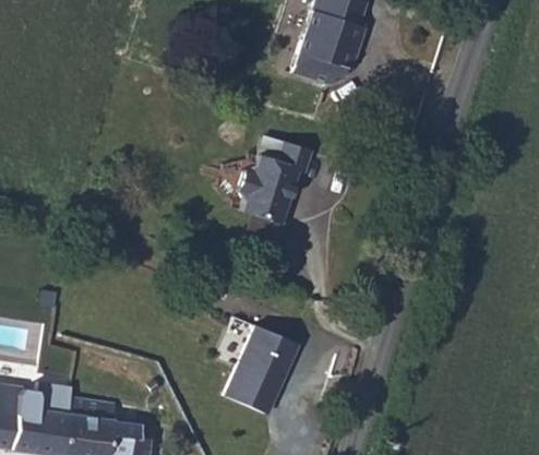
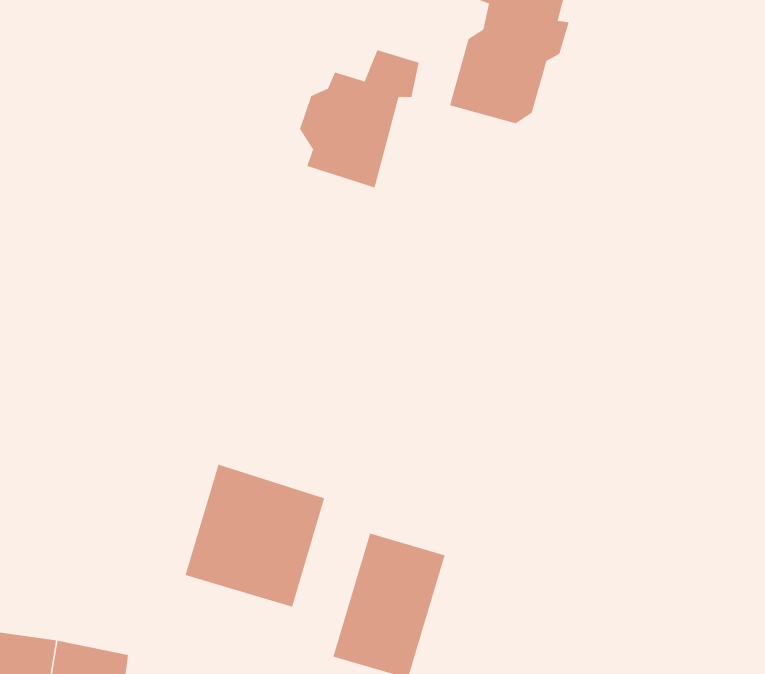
building: [237,139,308,220] -> [299,50,420,188]
building: none -> [185,464,325,608]

